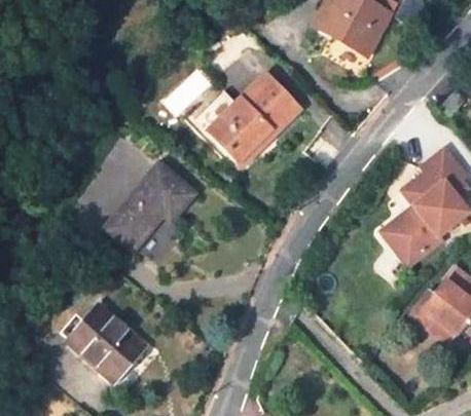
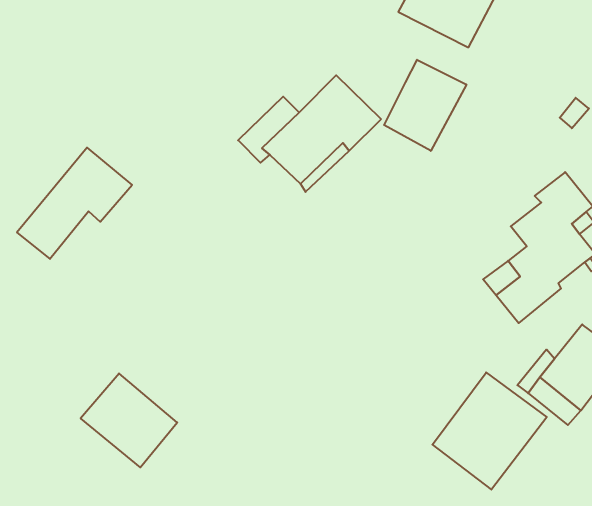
building: none -> [384,60,466,151]
building: [107,162,196,249] -> [17,148,132,259]
building: none -> [432,372,547,490]

